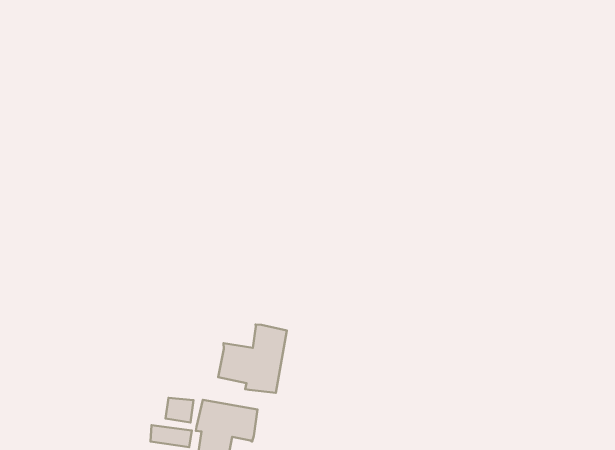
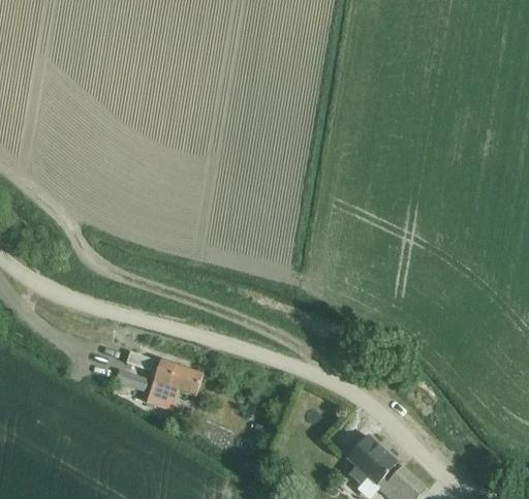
building: [218,325,287,393] -> none

